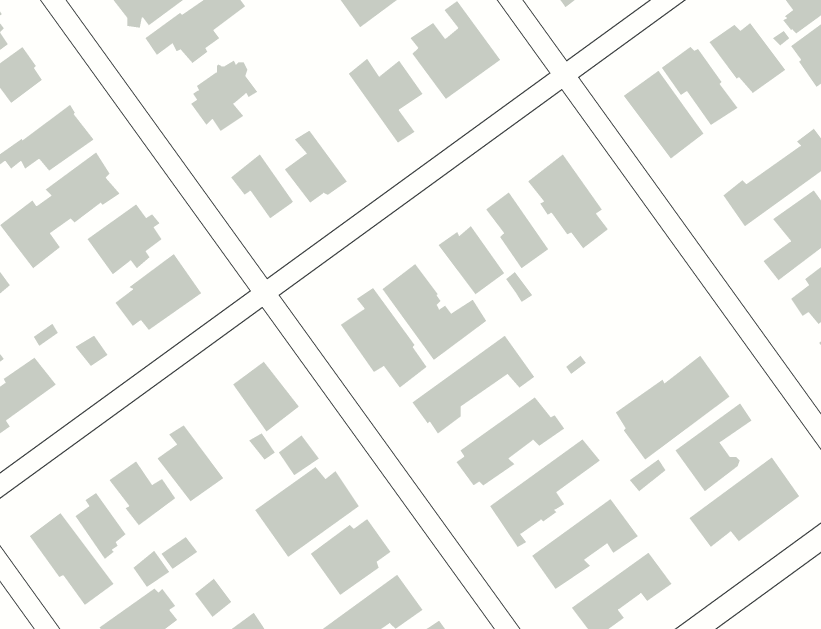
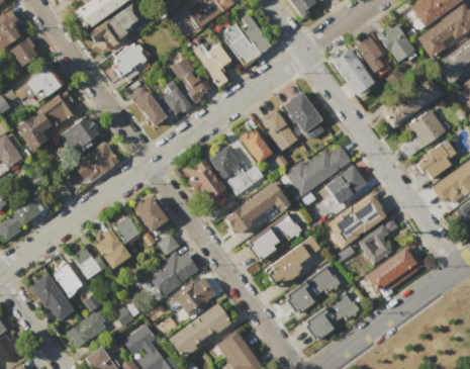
building: none -> [172,58,210,100]
building: none -> [281,146,351,195]
building: none -> [325,166,367,204]
building: none -> [113,215,139,243]

